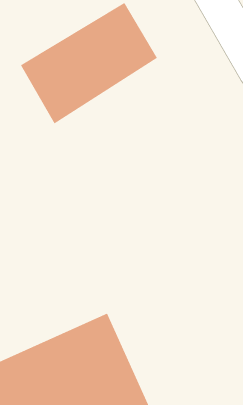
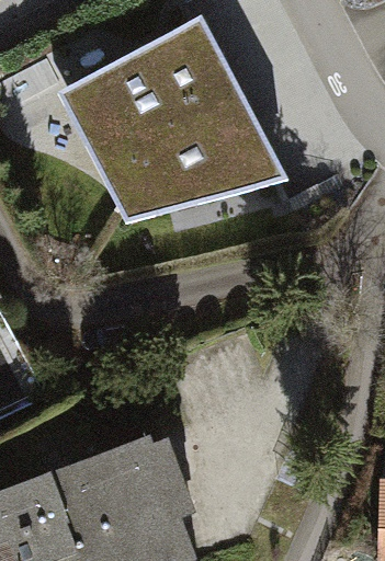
building: none -> [101,96,288,226]

